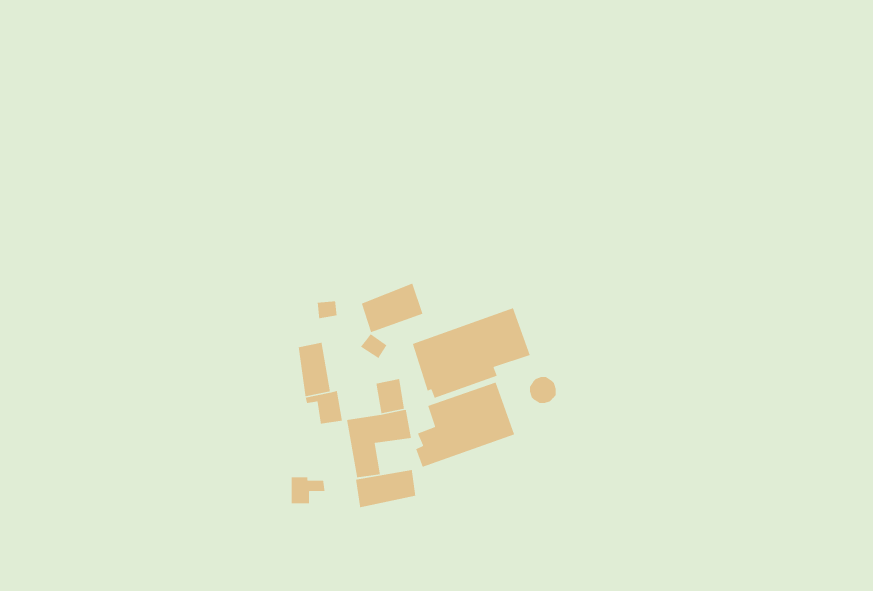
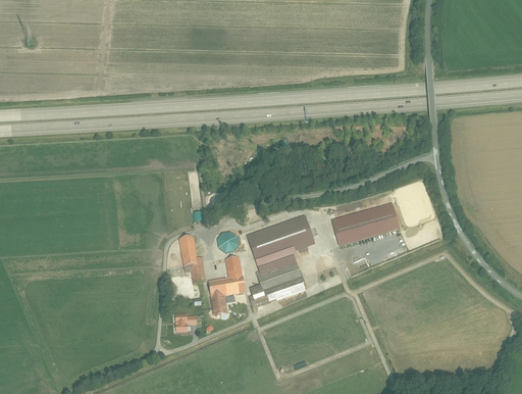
building: [361,282,423,333] -> none
building: none -> [326,202,398,245]
building: [355,469,416,508] -> none

